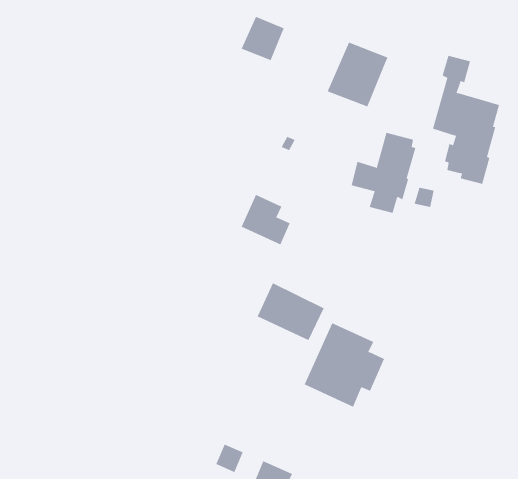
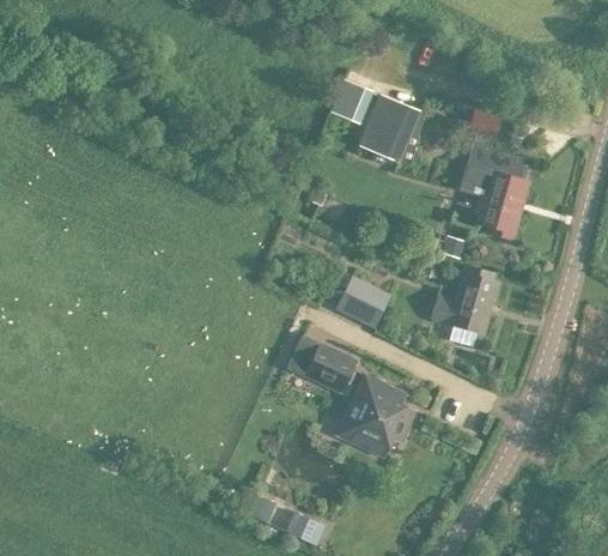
building: [241,16,285,61] -> [329,78,372,122]
building: [351,132,416,213] -> [431,265,495,345]
building: [241,194,291,245] -> [335,278,384,328]

